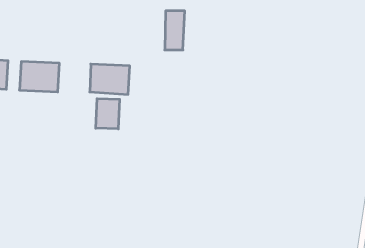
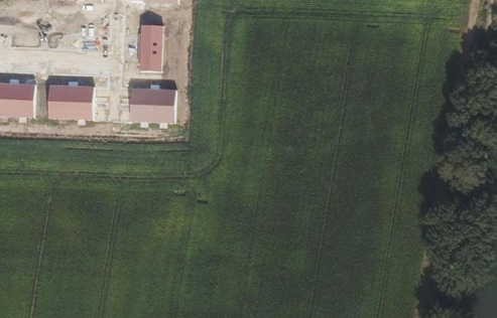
building: [165,11,185,50] -> [139,26,162,71]
building: [96,99,120,129] -> none

